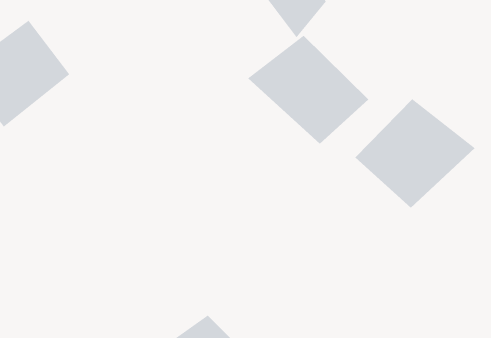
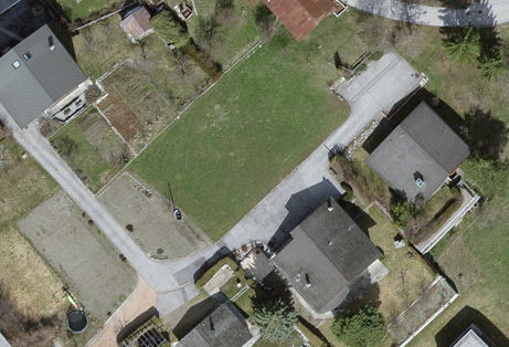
building: [247,35,369,145] -> none
building: none -> [271,202,381,307]

